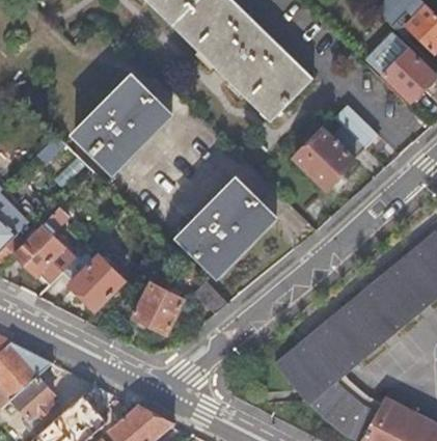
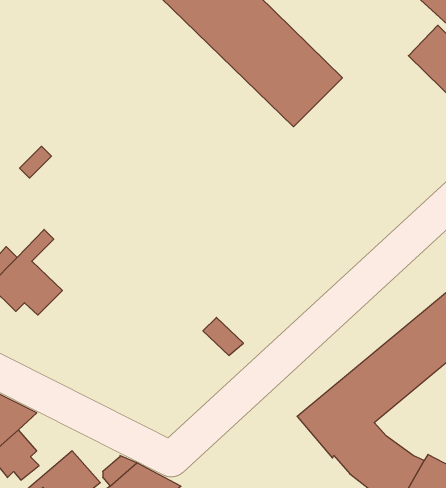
building: [74,77,171,175] -> none
building: [294,106,377,189] -> none
building: [177,180,275,277] -> none
building: [60,252,121,309] -> none
building: [134,285,184,334] -> none

